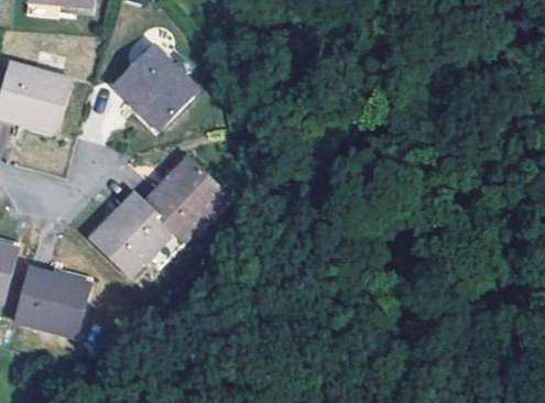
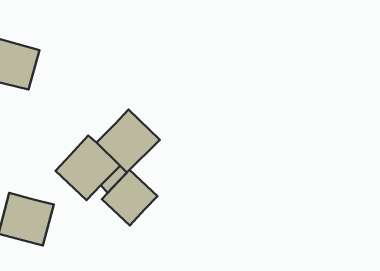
building: [113,45,197,129] -> none
building: none -> [102,170,158,225]

